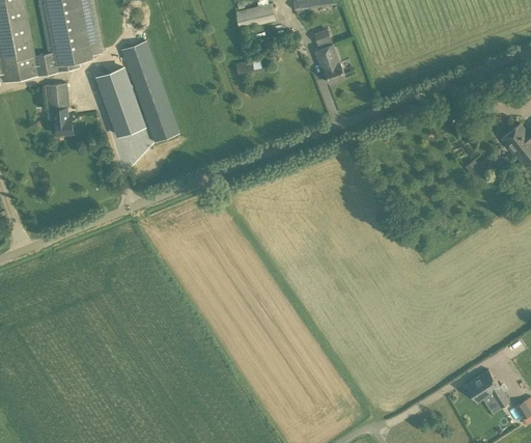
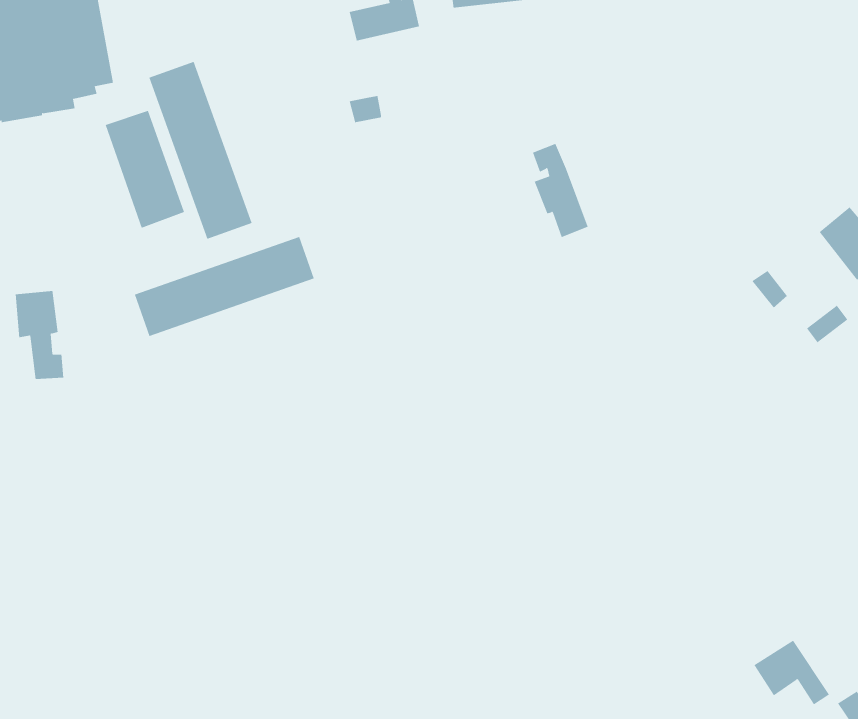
building: [312,29,344,83] -> [532,143,589,238]
building: [45,83,73,134] -> [15,290,64,380]
building: none -> [134,236,314,337]

